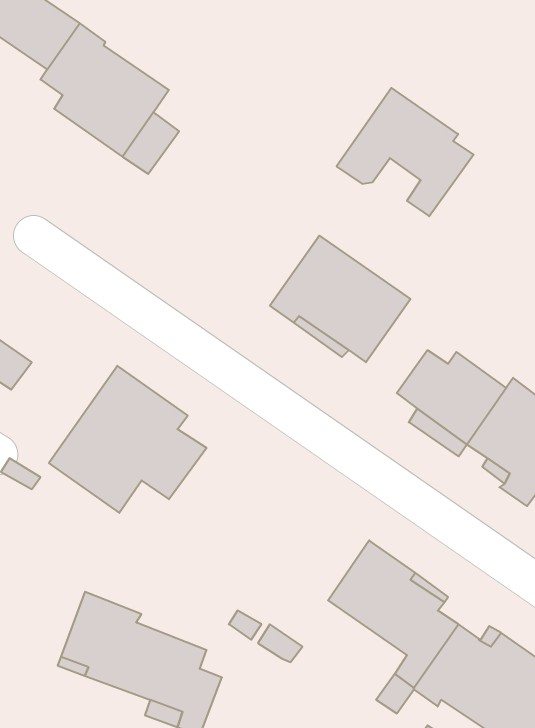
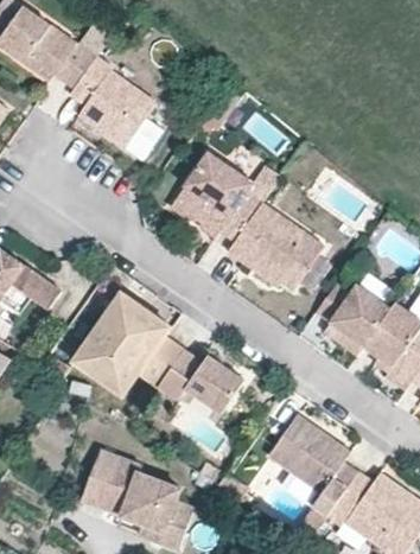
building: [337,88,474,216] -> [170,151,265,240]
building: none -> [157,349,244,413]

